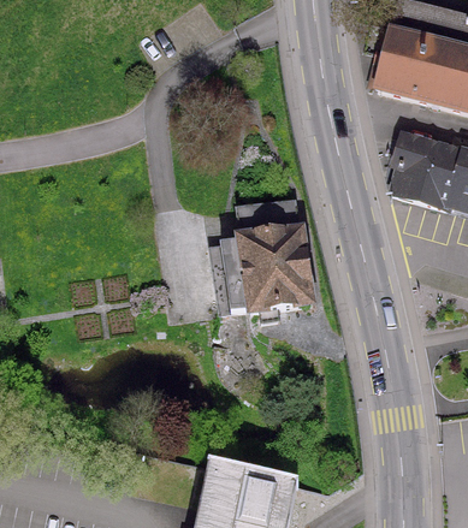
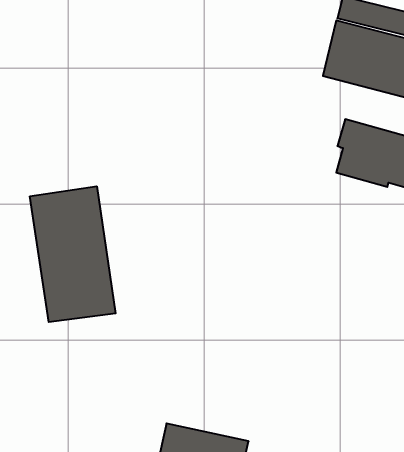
building: [209,200,312,320] -> none
building: none -> [30,186,116,322]

